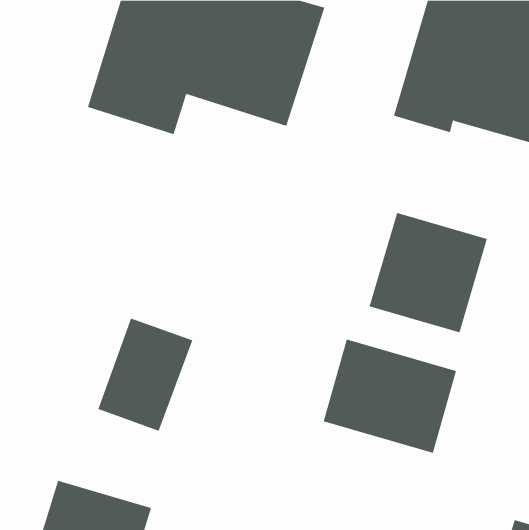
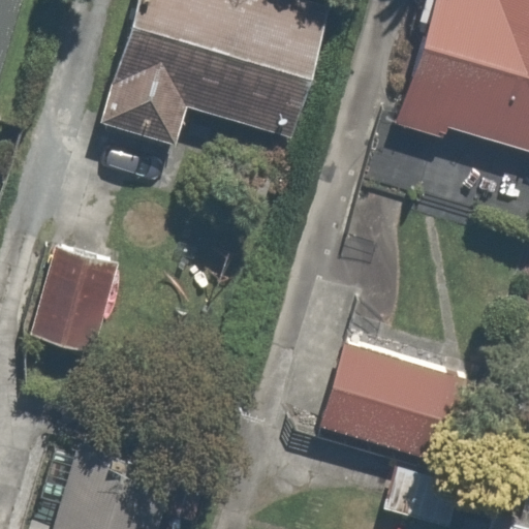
building: [369,212,488,333] -> none
building: [97,318,193,432] -> [25,246,118,356]

